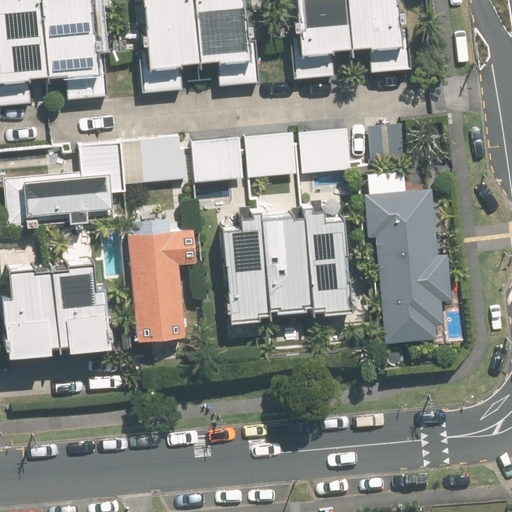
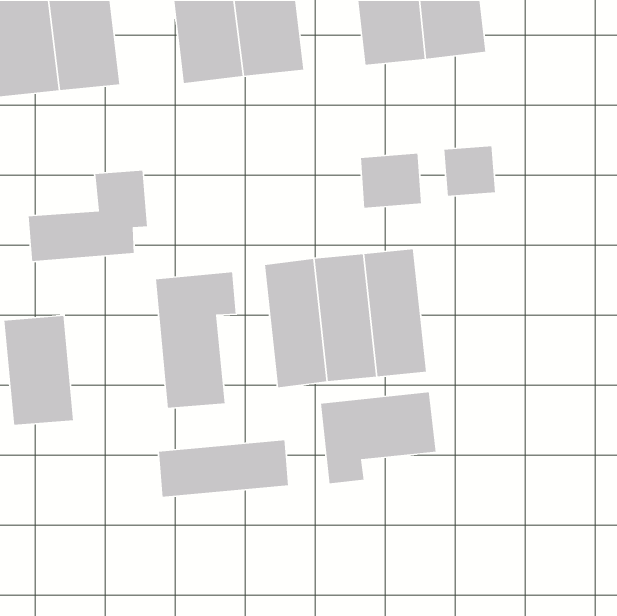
building: [243,133,294,178] -> none
building: [138,136,185,185] -> none
building: [190,138,241,184] -> none
building: [366,189,448,343] -> none
building: [53,259,110,350] -> none
building: none -> [320,392,436,484]
building: none -> [158,439,289,498]

